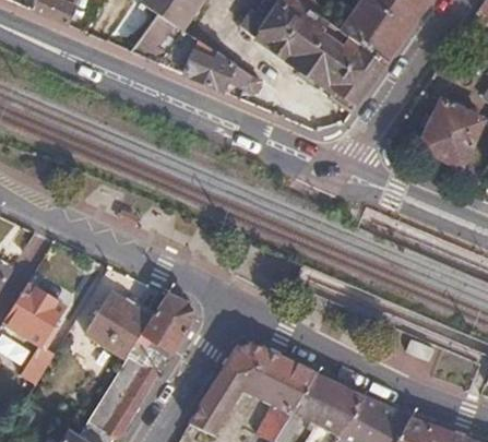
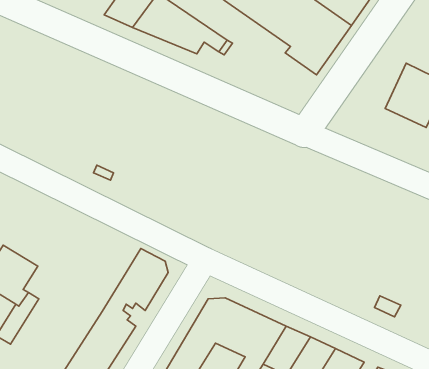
building: [84,291,152,358] -> none

